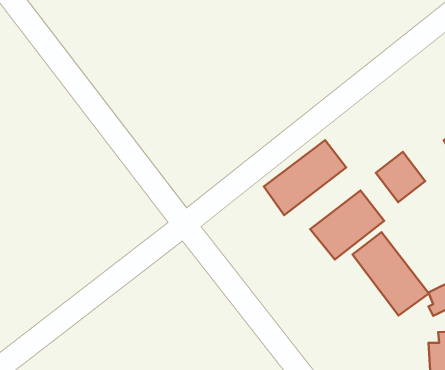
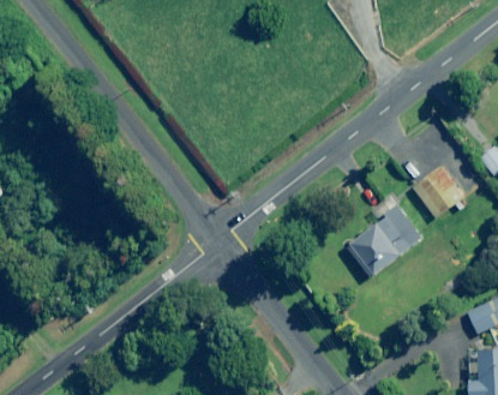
building: [264,140,346,215] -> none
building: [353,232,429,315] -> none

